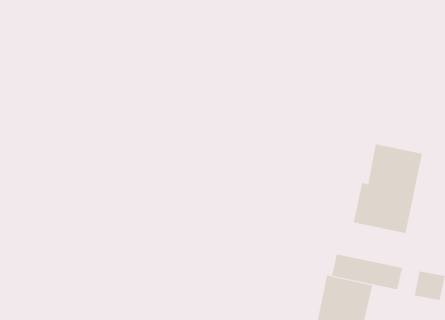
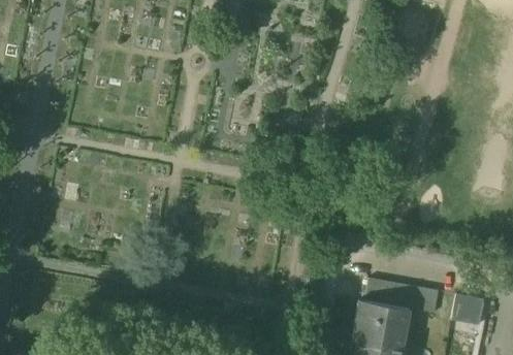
building: [353,144,422,234] -> none

